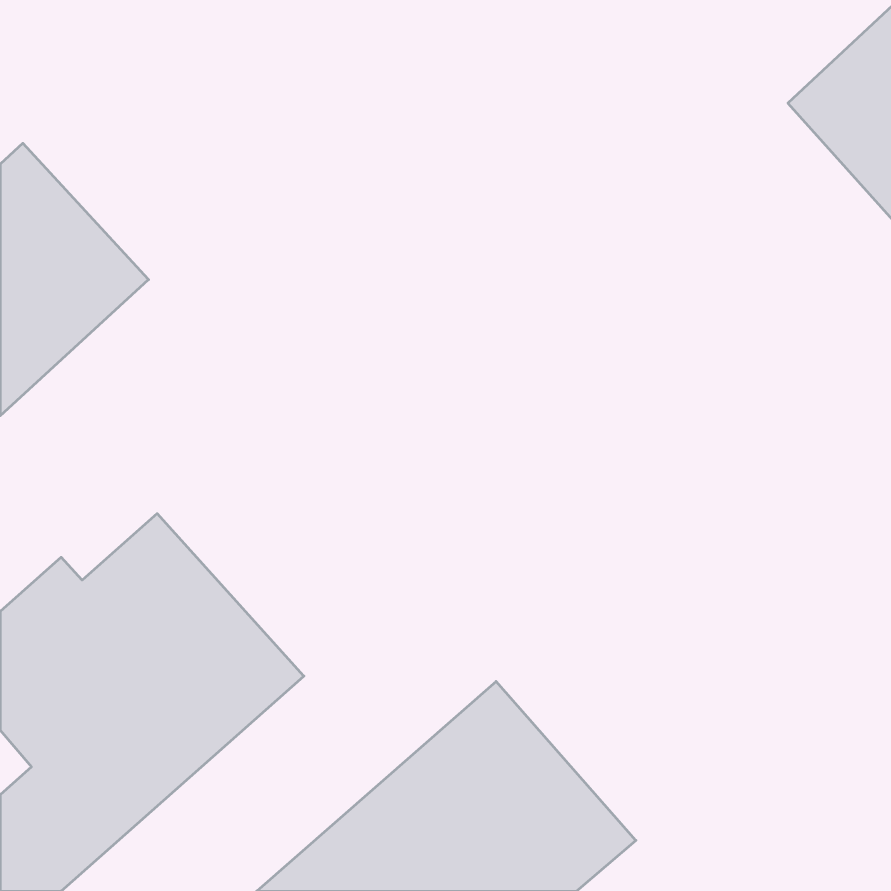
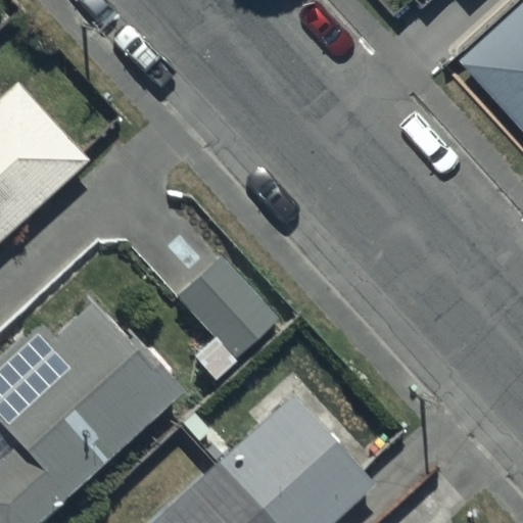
building: none -> [175,259,280,383]

